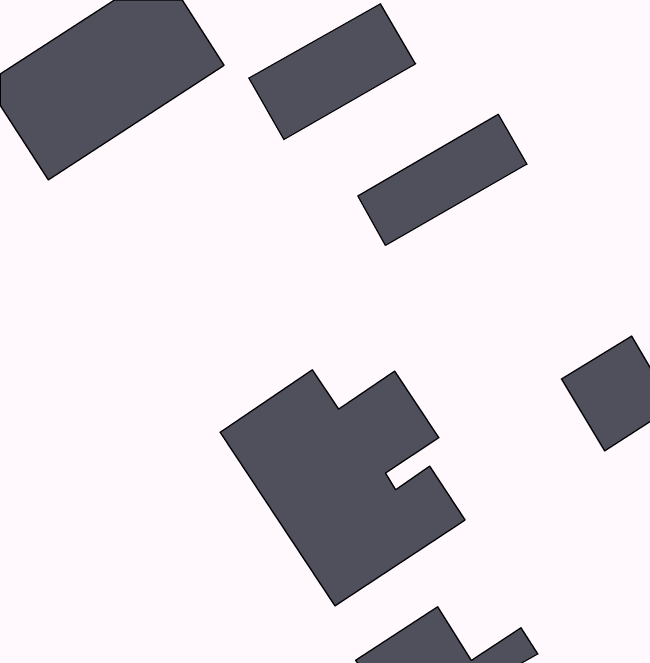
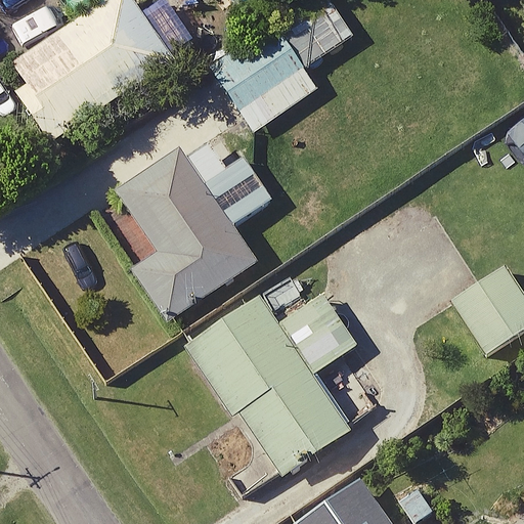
building: [358,114,527,245] -> none
building: none -> [118,122,274,321]

